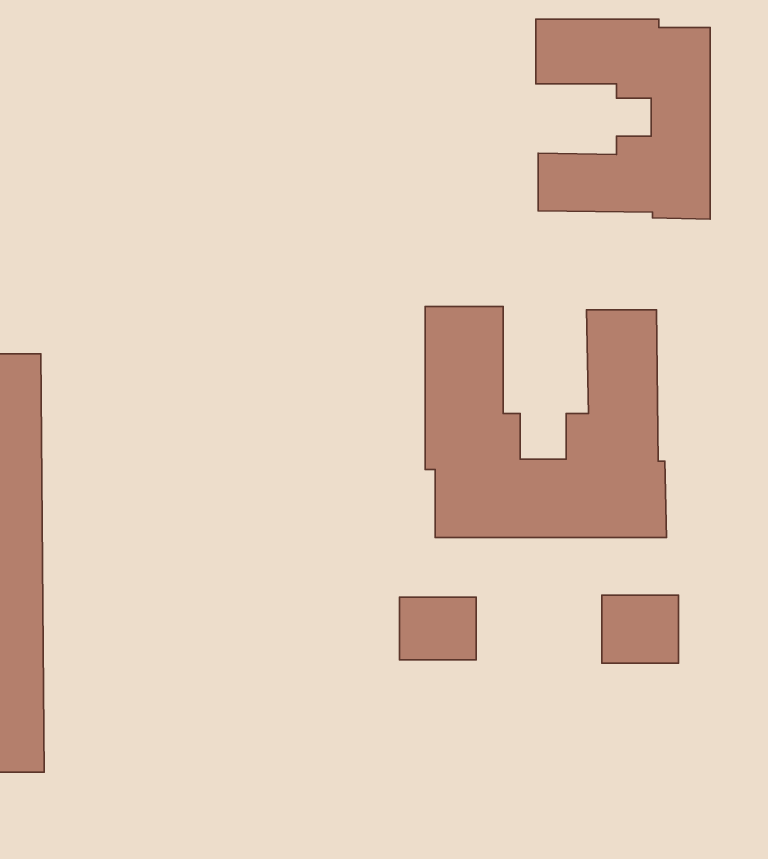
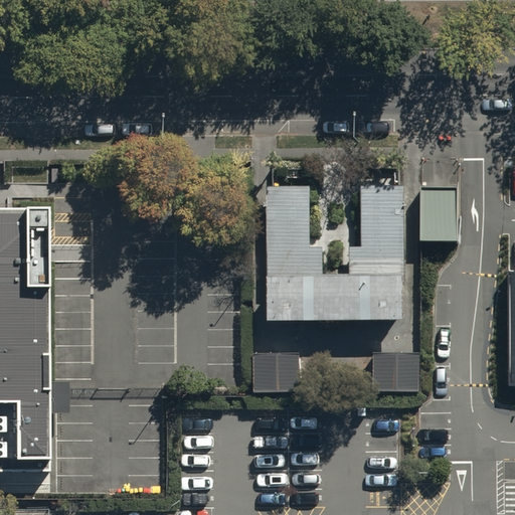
building: [536,19,710,219] -> none
building: none -> [420,190,455,245]

